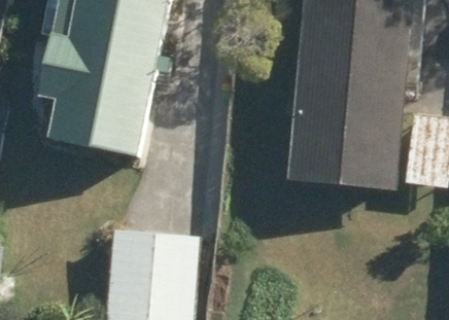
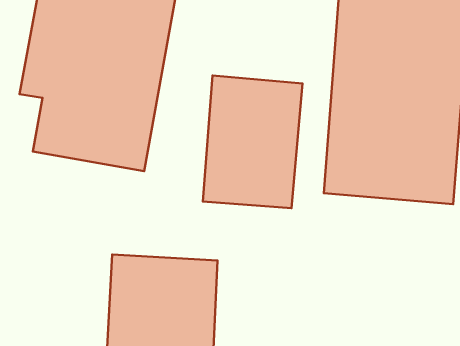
building: none -> [203,75,302,208]

